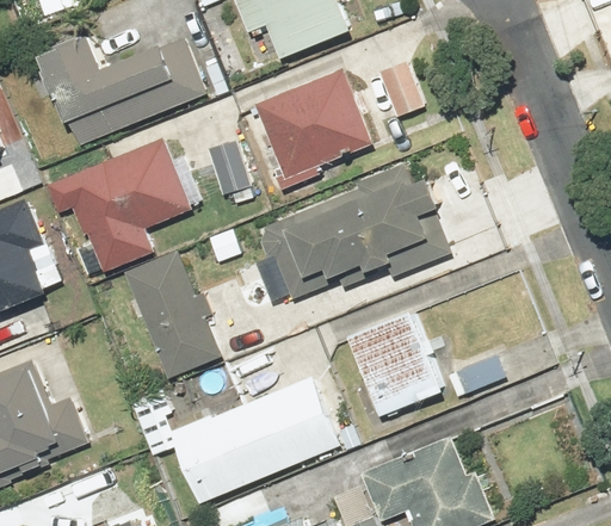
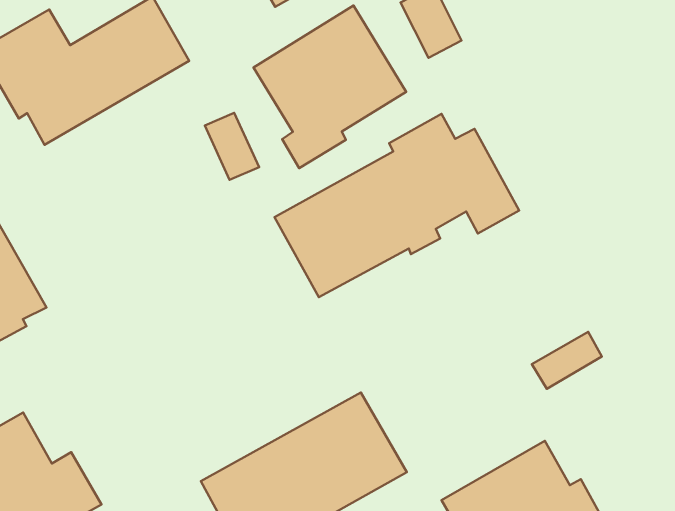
building: [48,136,192,271] -> none
building: [125,250,221,377] -> none
building: [346,310,448,417] -> none

